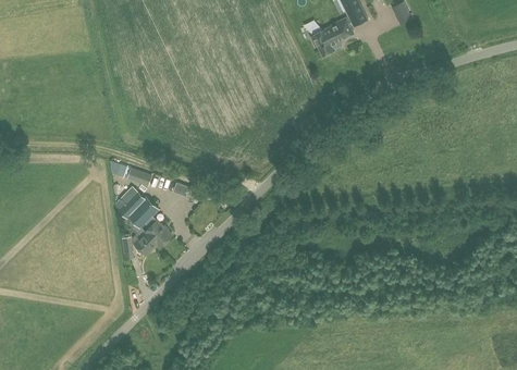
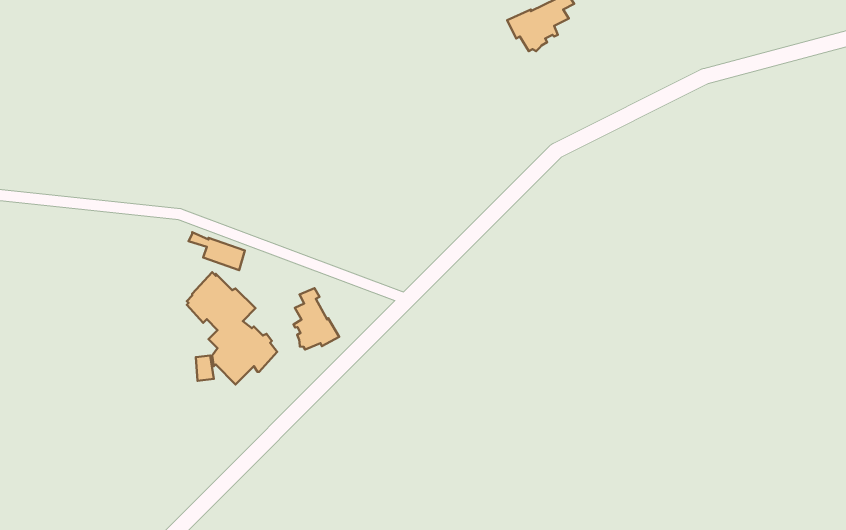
building: none -> [293,288,339,350]

